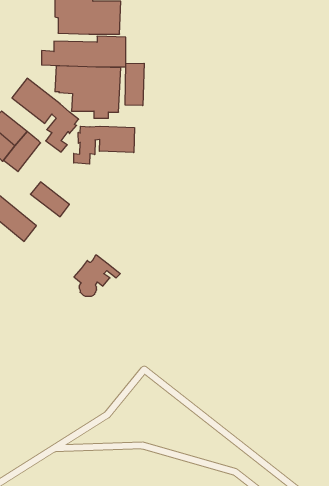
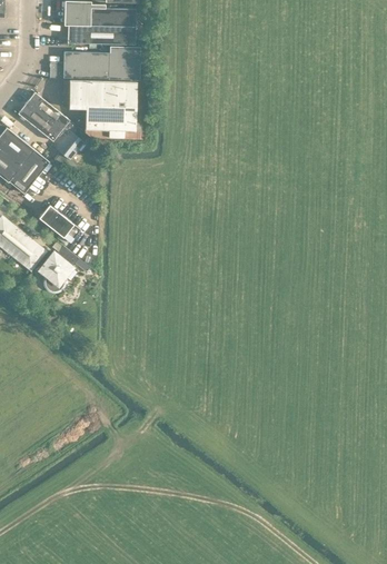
building: [125,63,144,106] -> none
building: [74,126,134,164] -> none
building: [74,255,120,296] -> [38,246,88,290]

